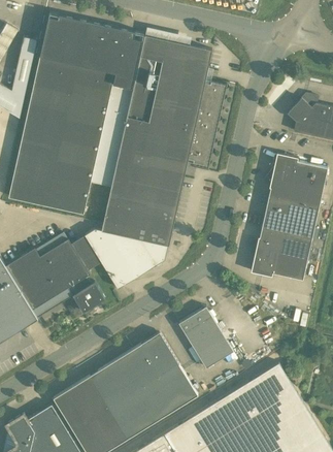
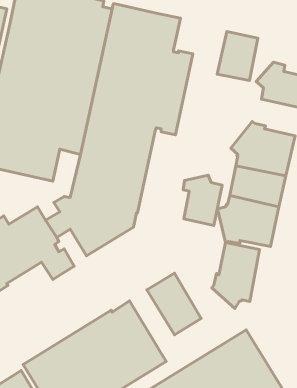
building: none -> [217,31,258,81]
building: none -> [183,175,222,226]
building: none -> [212,243,259,308]

